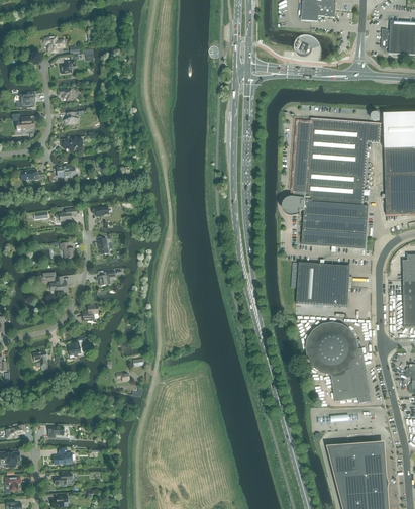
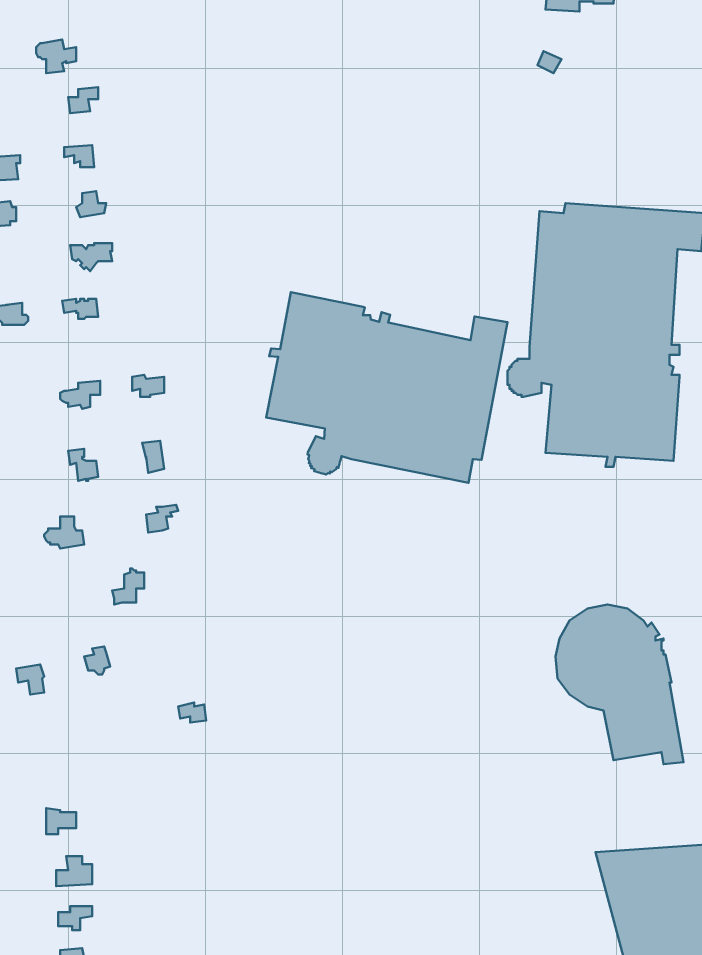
building: none -> [266,292,508,483]
building: [297,260,350,307] -> none

